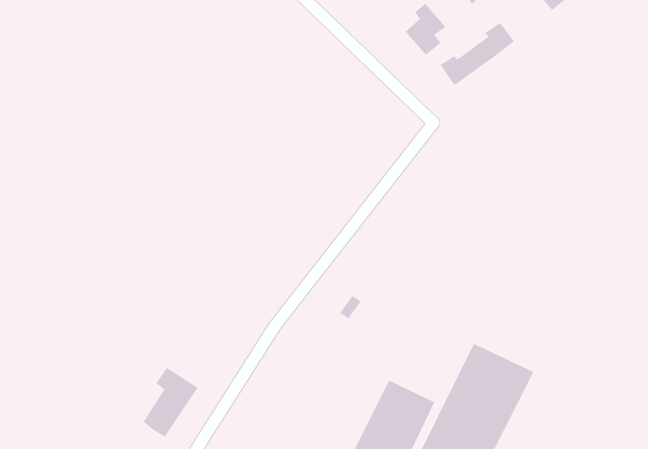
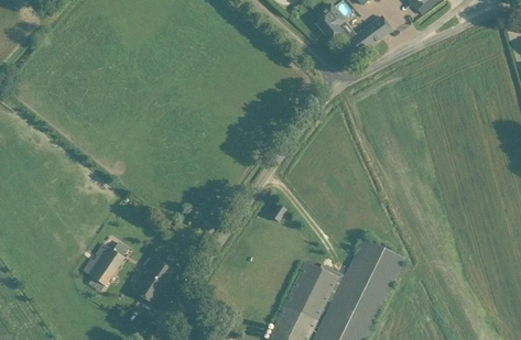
building: none -> [83,241,129,285]

